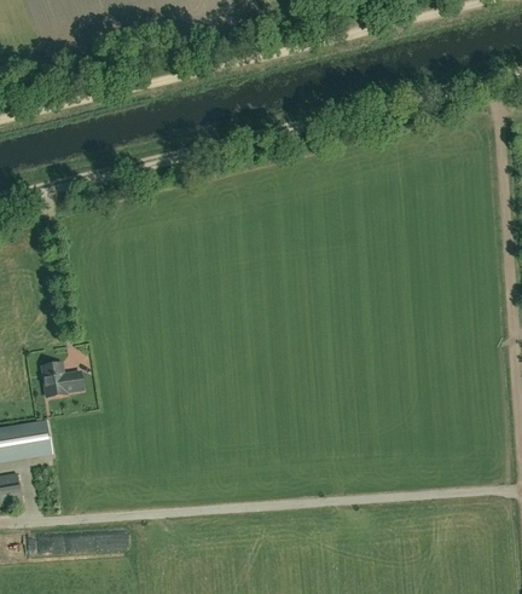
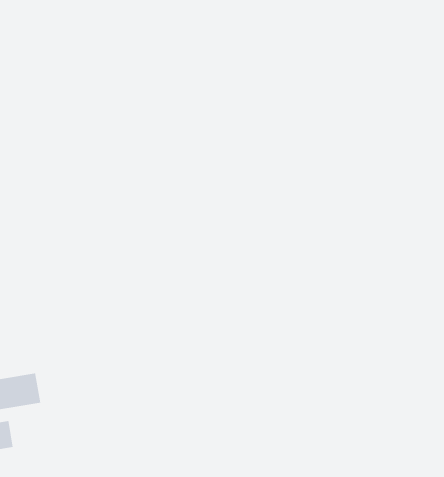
building: [41,362,82,397] -> none

